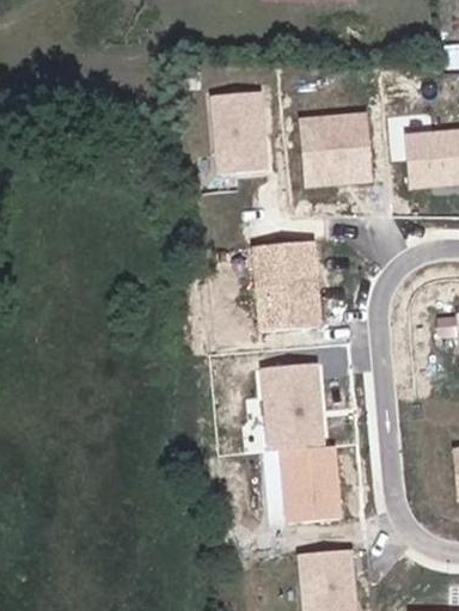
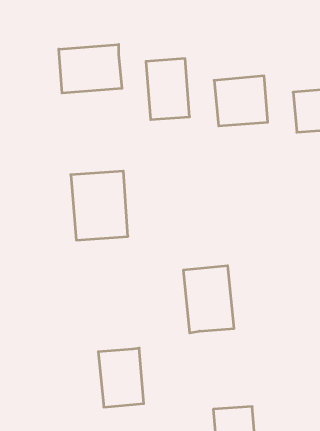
building: none -> [59,44,122,93]
building: [250,243,325,334] -> [71,171,128,240]
building: [281,445,341,523] -> [98,348,144,407]

